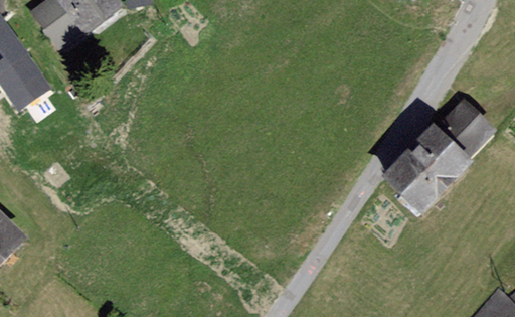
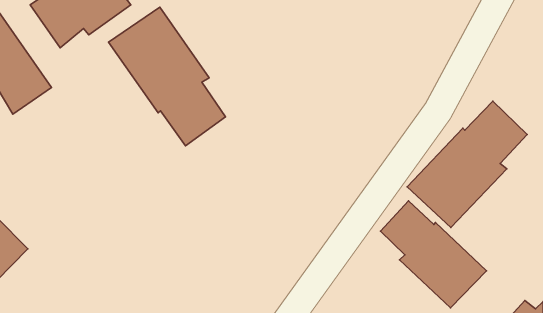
building: none -> [109,7,226,146]
building: none -> [380,201,486,308]

